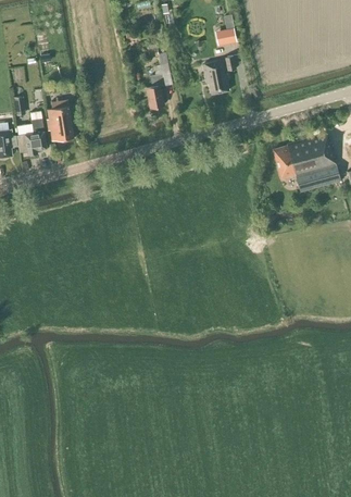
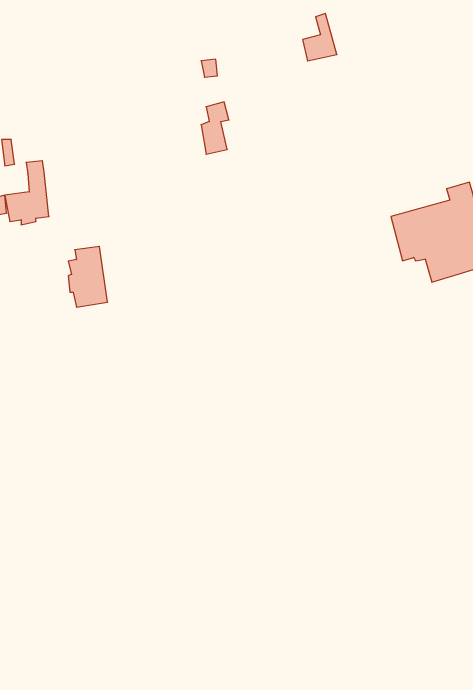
building: [201,55,235,95] -> none
building: [46,100,72,140] -> [68,246,108,307]

